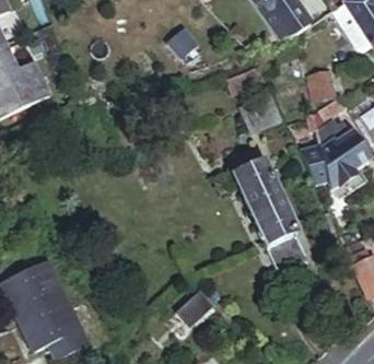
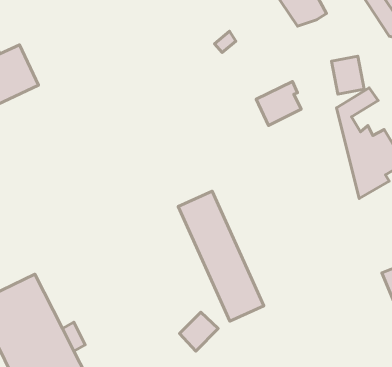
building: [234,162,308,274] -> [178,191,264,321]

